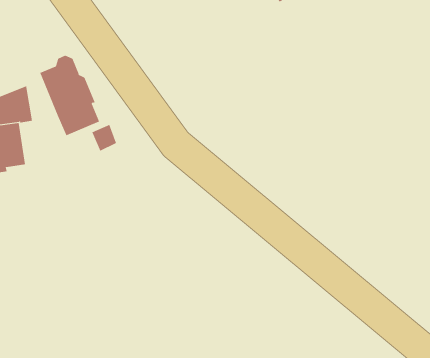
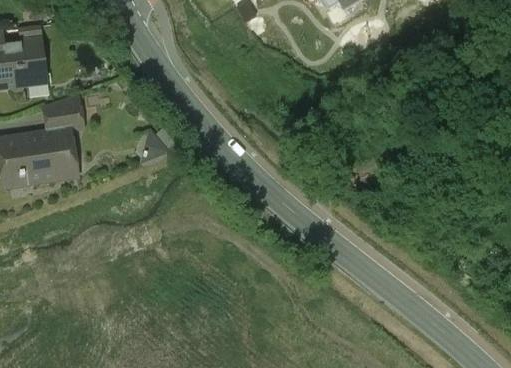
building: [39,55,100,136] -> none

